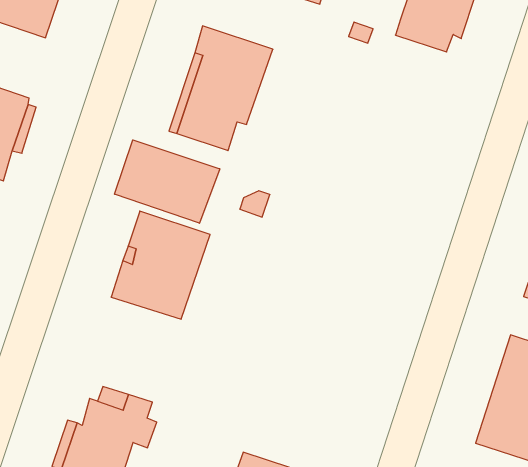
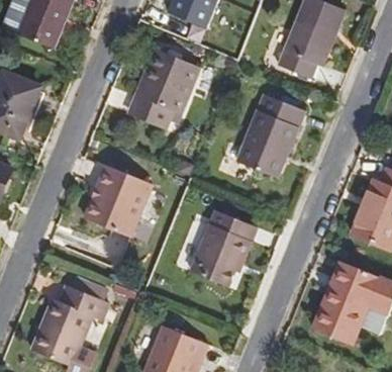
building: none -> [235,93,304,178]
building: [115,140,220,223] -> none
building: none -> [190,209,257,287]

